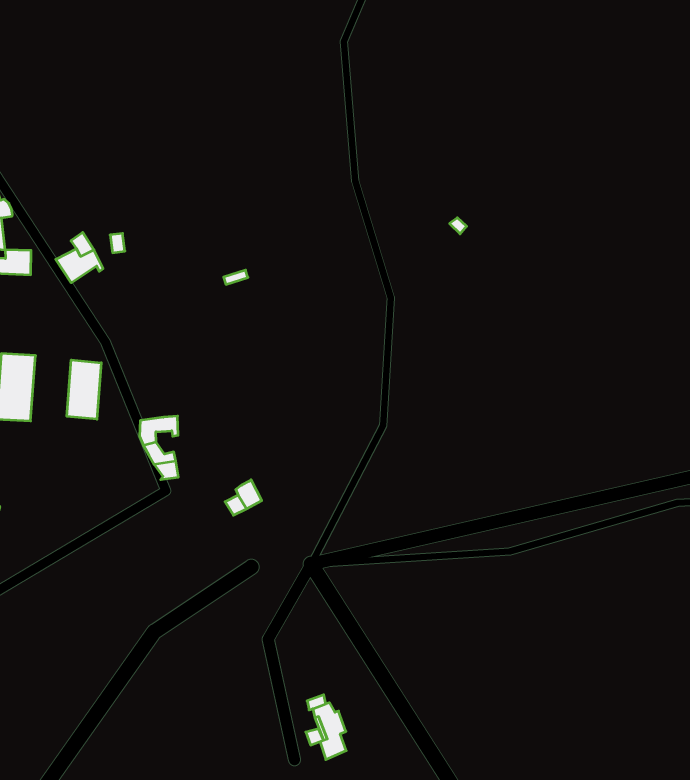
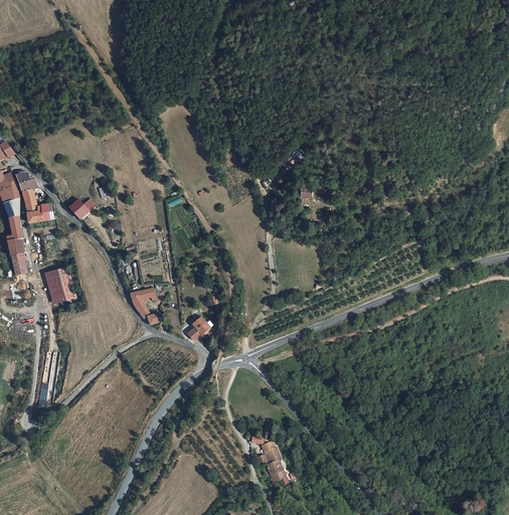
building: [67,360,101,419] -> none

